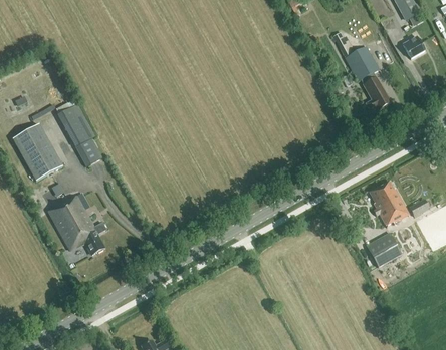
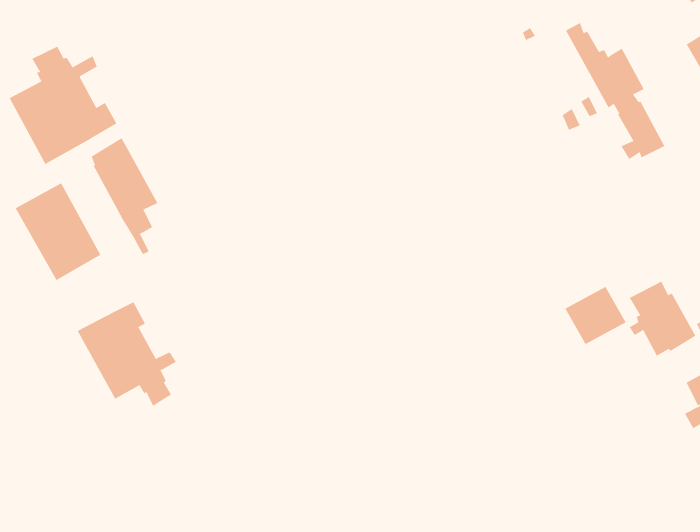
building: none -> [9,46,117,165]
building: [366,233,402,267] -> [564,286,627,345]

